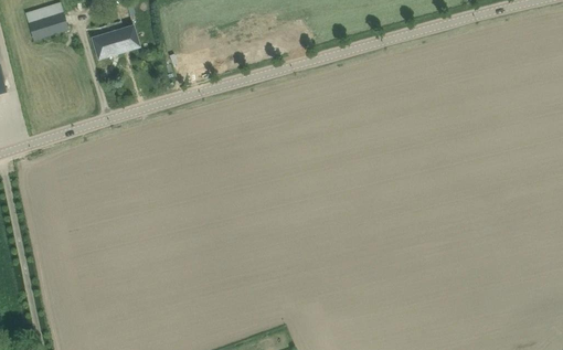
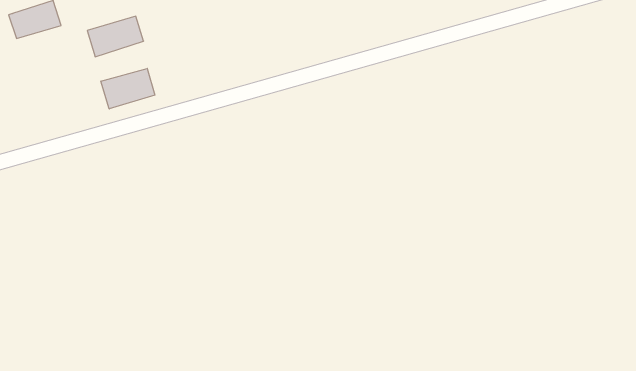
building: none -> [101,68,155,109]

